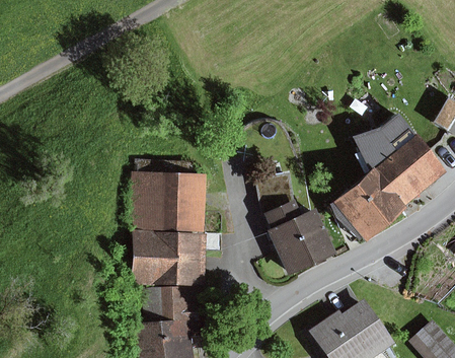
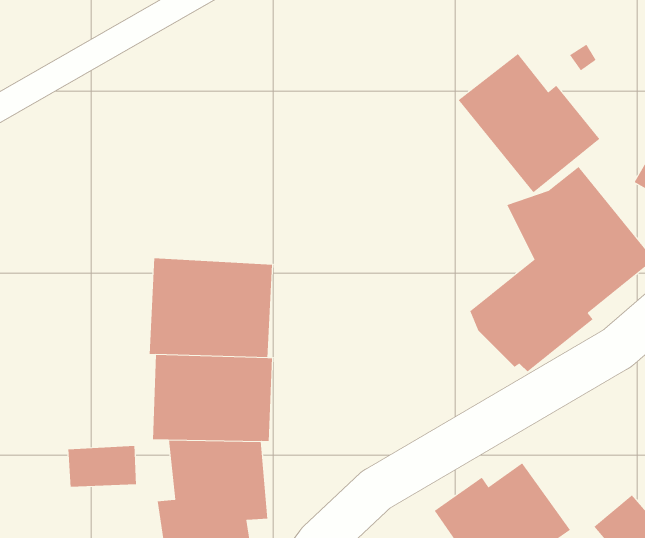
building: none -> [458,53,600,193]
building: [255,172,335,276] -> none
building: none -> [68,445,136,488]

